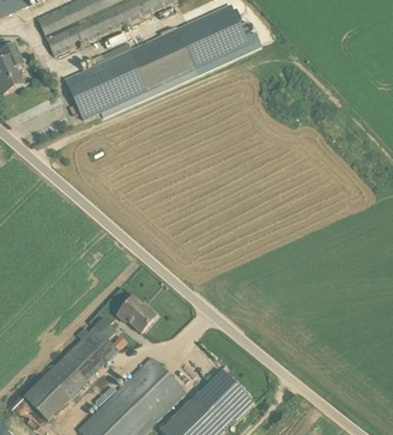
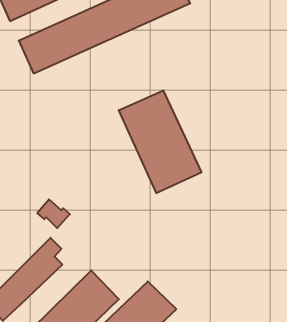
building: none -> [119,90,201,193]
building: [116,296,156,331] -> [37,199,70,228]

